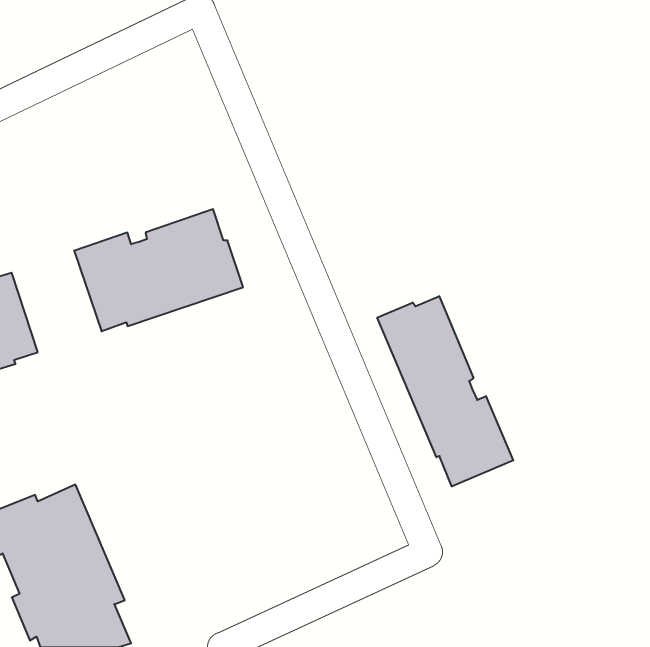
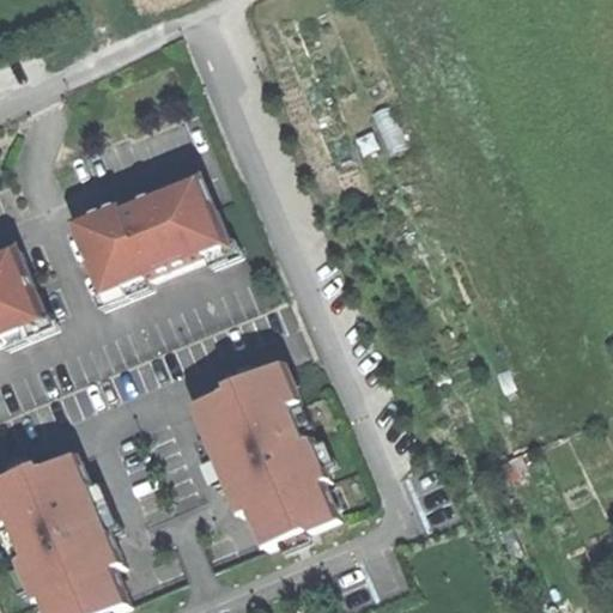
building: [377,296,513,486] -> none
building: none -> [188,354,328,538]

